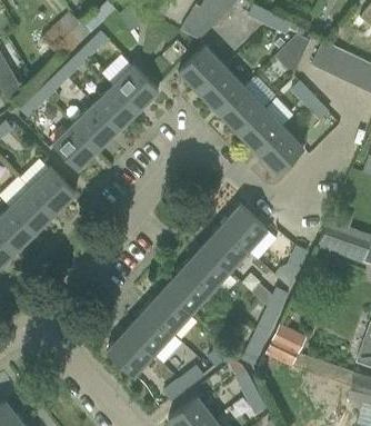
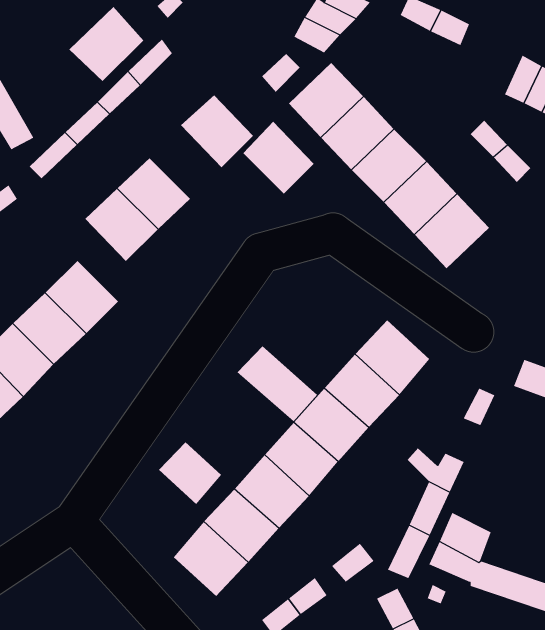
building: [274,33,310,76] -> none
building: [93,85,138,130] -> [242,121,314,195]
building: none -> [236,345,318,422]
building: none -> [158,441,222,505]

